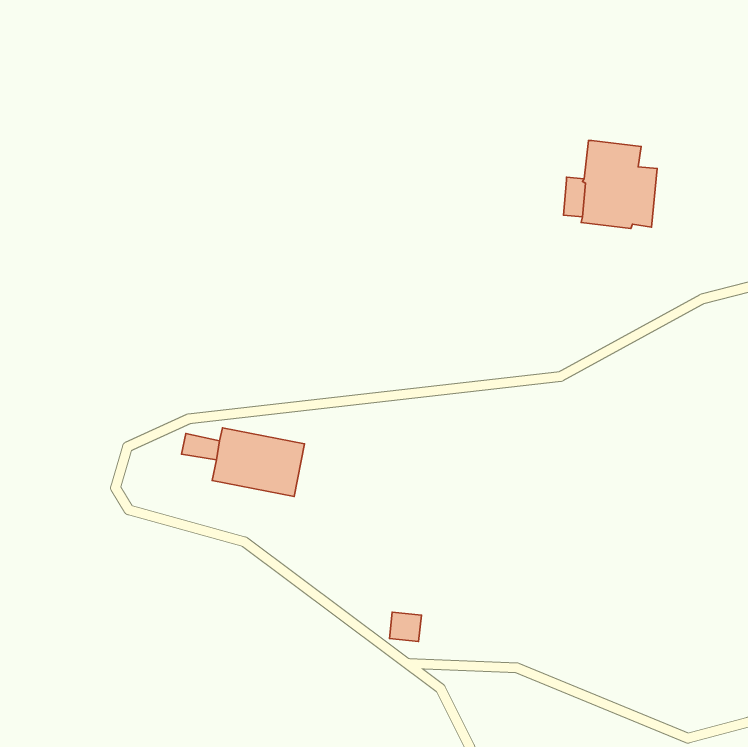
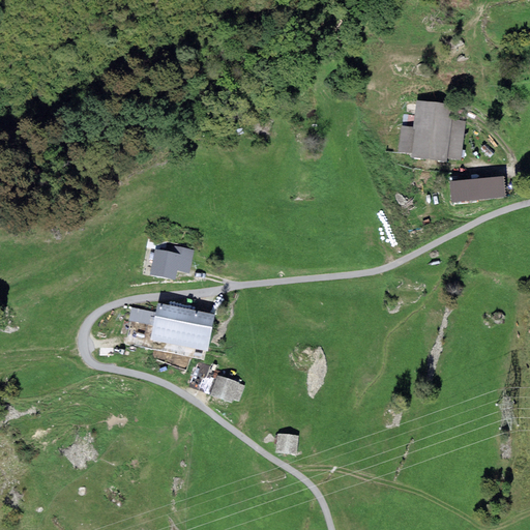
building: none -> [449,177,504,202]
building: none -> [149,245,194,279]
building: none -> [210,375,245,402]

